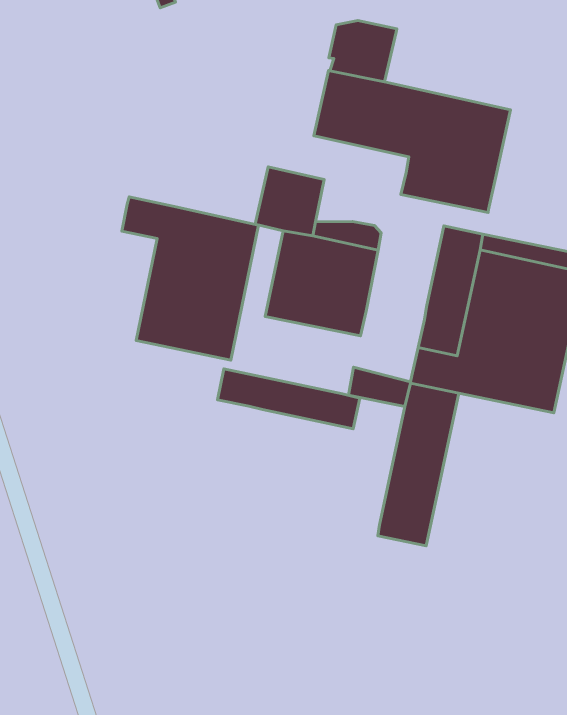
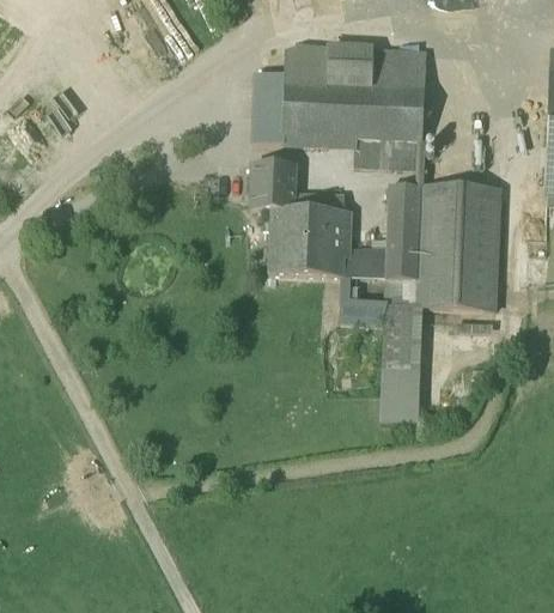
building: none -> [328,45,426,89]
building: none -> [252,72,287,142]
building: [122,197,259,360] -> none
building: none -> [342,255,388,277]
building: [217,369,360,429] -> none

